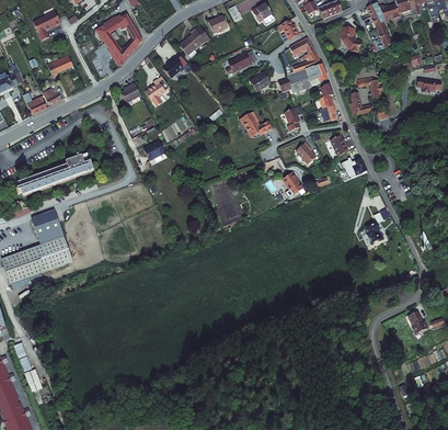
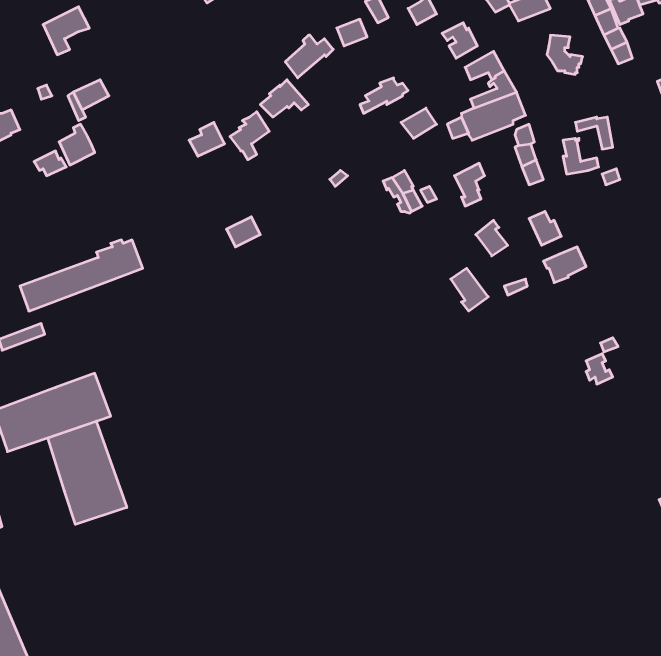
building: [96,16,142,67] -> none
building: [30,210,62,245] -> none
building: none -> [48,421,127,524]

